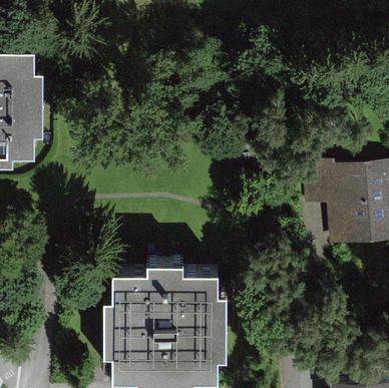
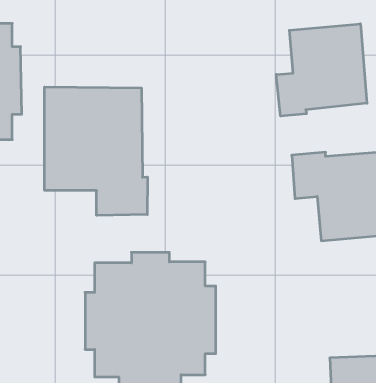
building: none -> [276,24,367,116]
building: none -> [45,87,147,215]

